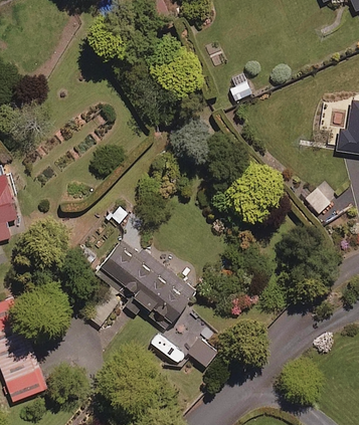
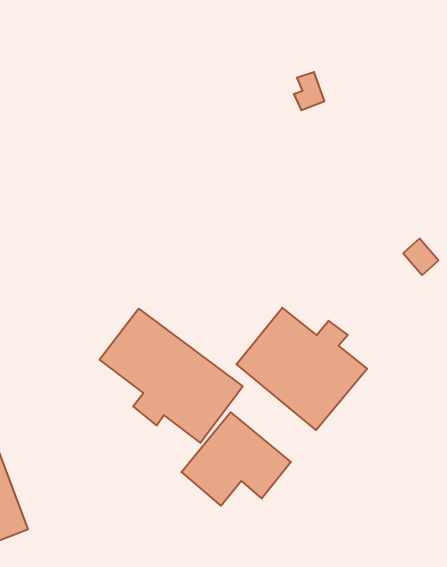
building: none -> [236,308,367,430]

